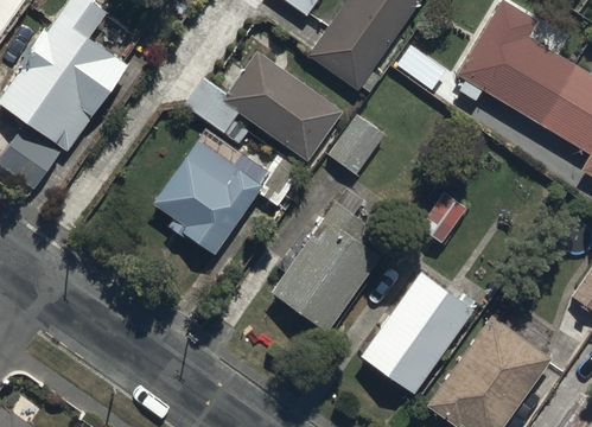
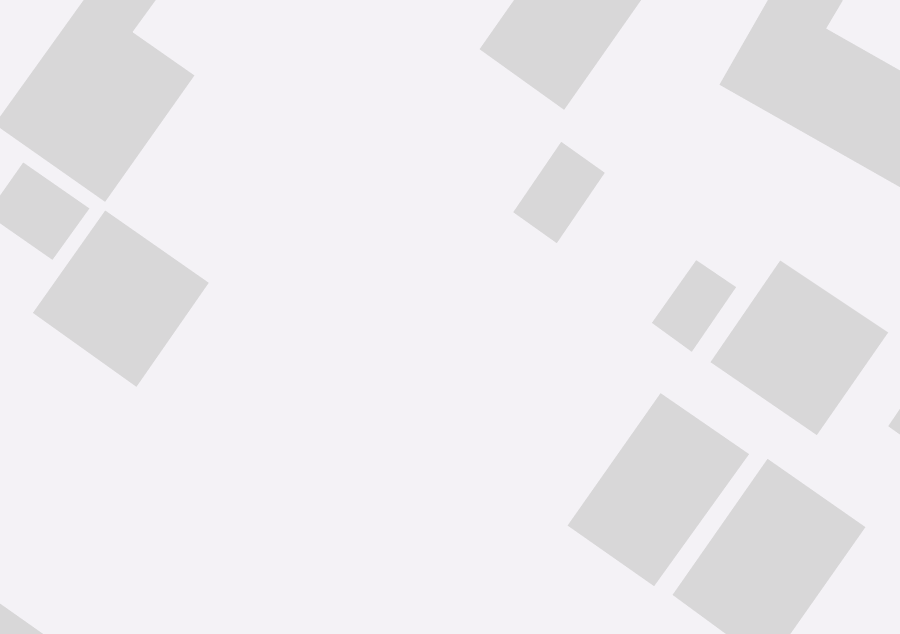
building: [180,53,344,164] -> none
building: [151,146,263,259] -> [32,210,210,388]
building: none -> [710,260,889,436]
building: [267,202,380,334] -> none

